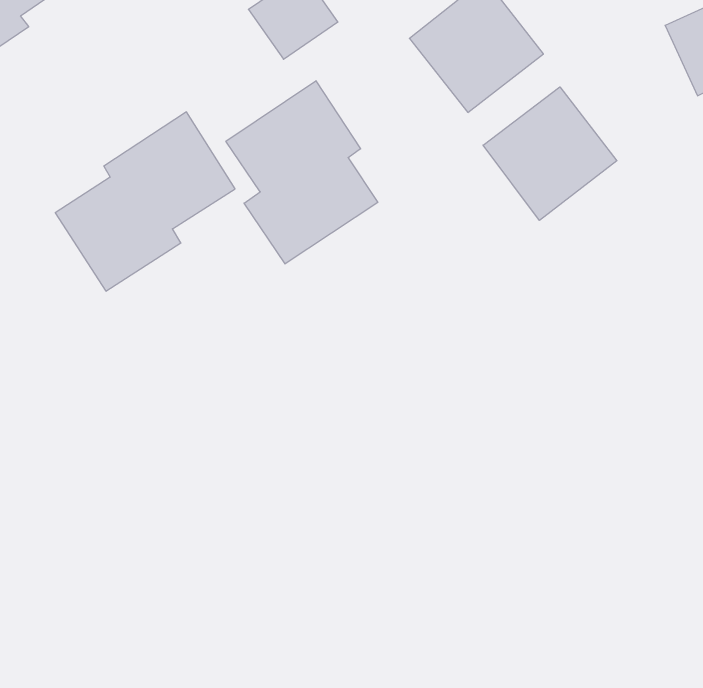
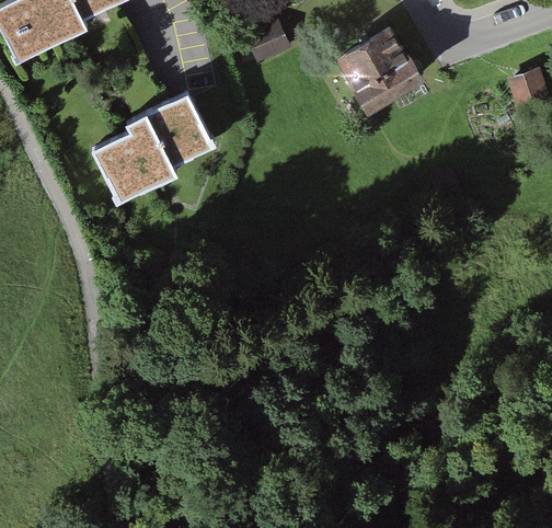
building: [226,81,378,264] -> none
building: [483,87,617,220] -> none

